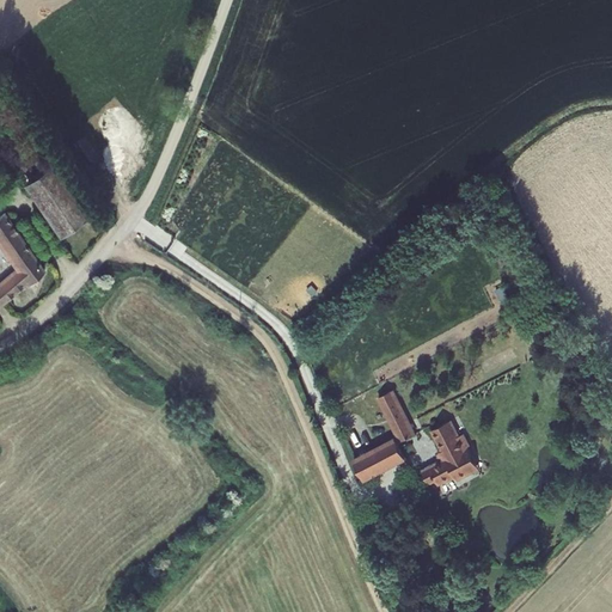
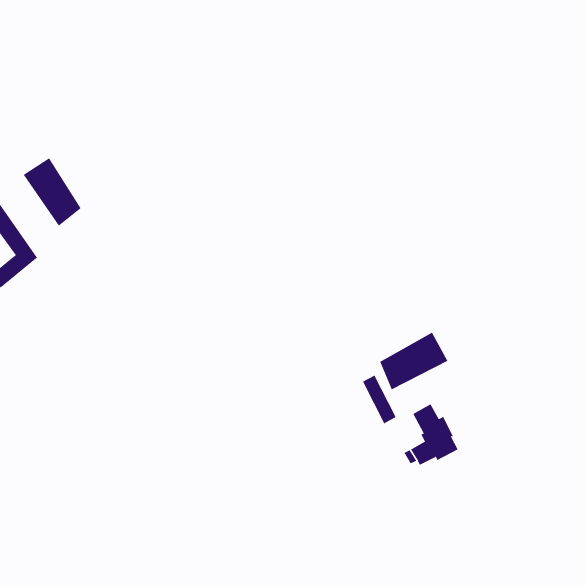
building: none -> [379,332,448,390]
building: [351,442,403,481] -> none

